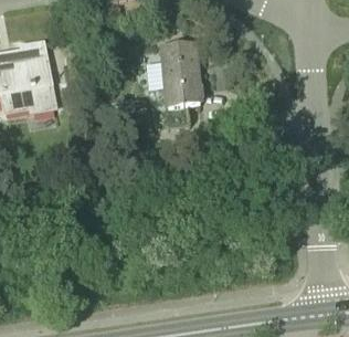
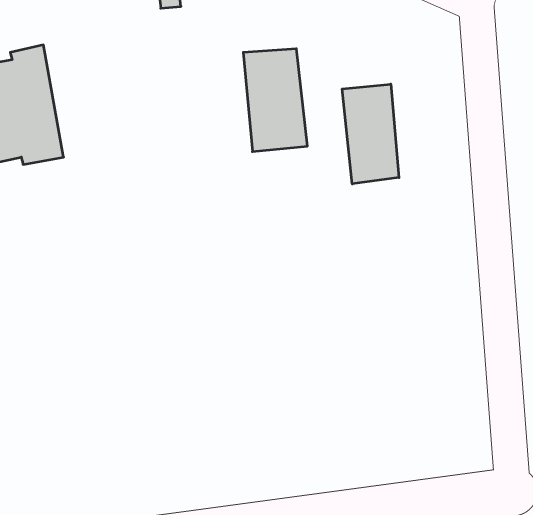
building: none -> [342,84,399,184]

